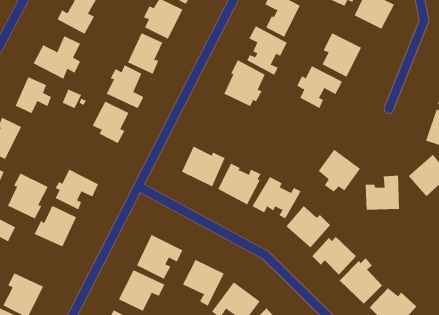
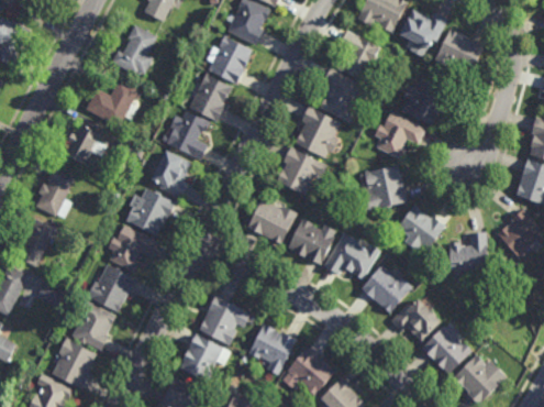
building: none -> [277,146,327,197]
building: none -> [357,165,407,211]
building: none -> [125,188,174,237]
building: [7,173,48,219] -> [70,300,115,351]

